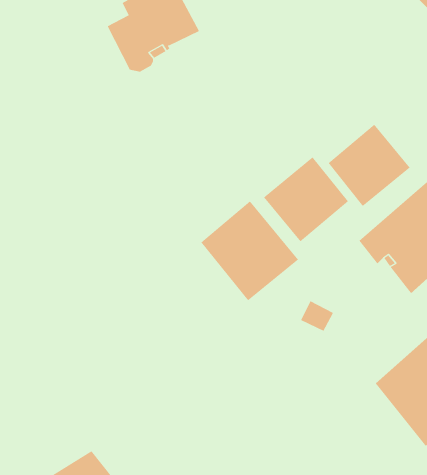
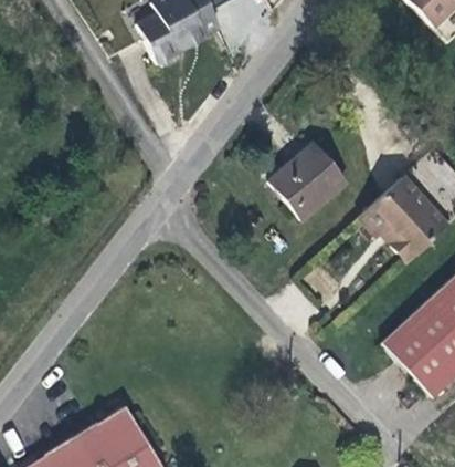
building: [328,124,410,207] -> none
building: [201,201,299,301] -> none

